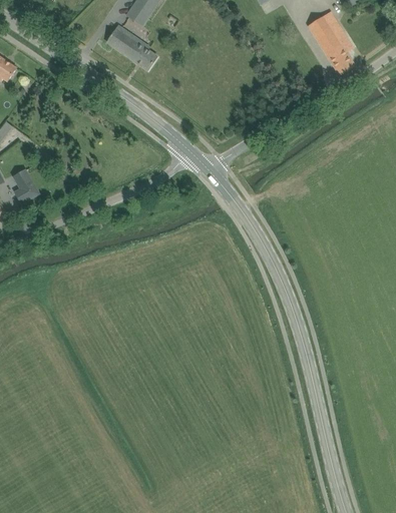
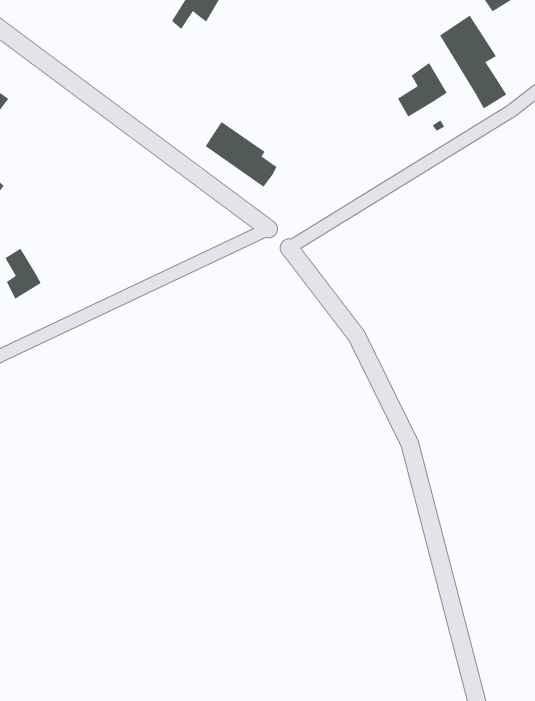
building: [107,25,156,70] -> [205,121,277,187]
building: none -> [397,62,447,117]

